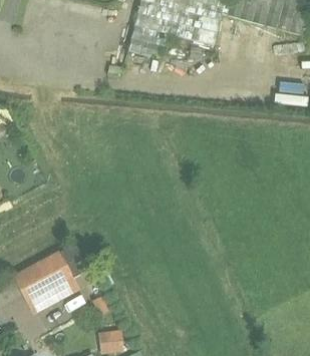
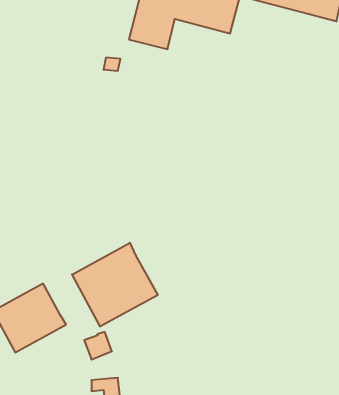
building: none -> [72,243,158,327]

